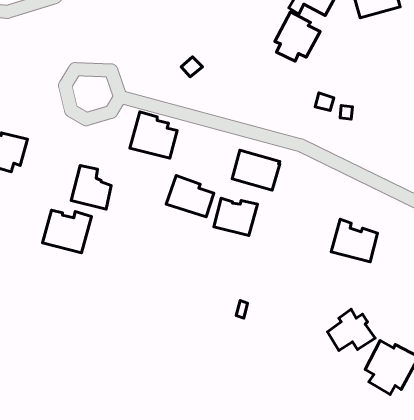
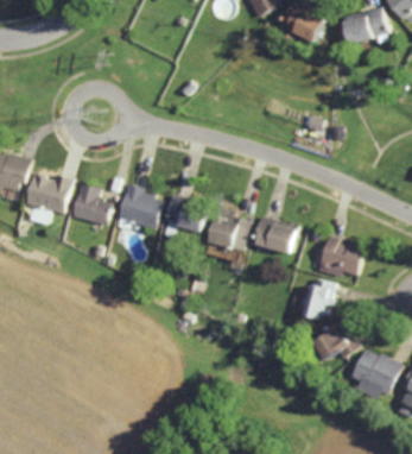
building: [275,12,320,61] -> none
building: [130,112,177,158] -> [116,184,161,228]
building: [232,150,280,190] -> [252,216,297,254]
building: [43,210,91,253] -> [25,174,71,214]
building: none -> [305,278,336,319]

